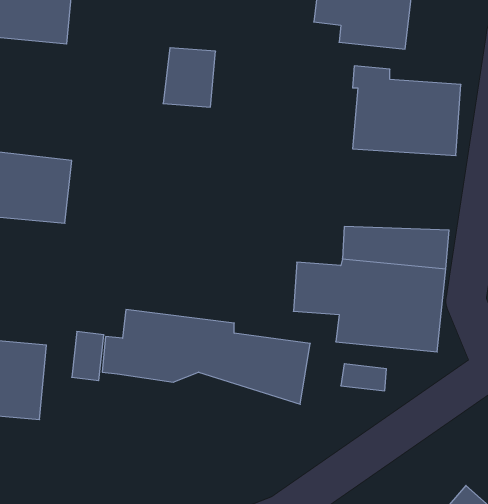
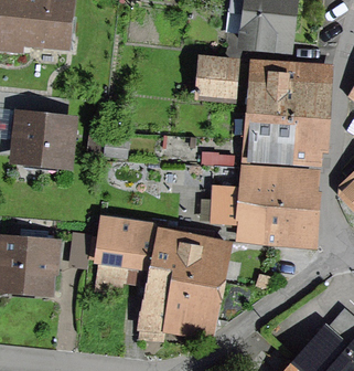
building: [163,48,216,107] -> [202,61,236,99]
building: none -> [249,115,322,168]
building: none -> [99,261,221,336]

